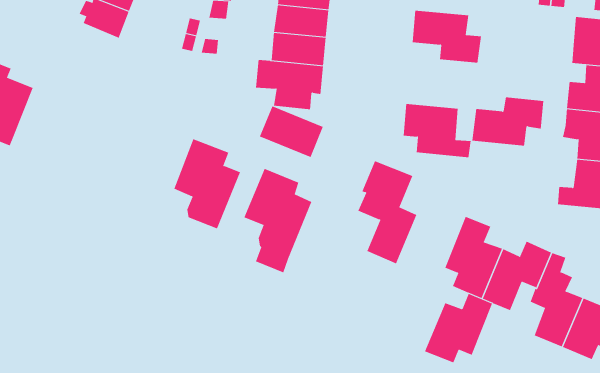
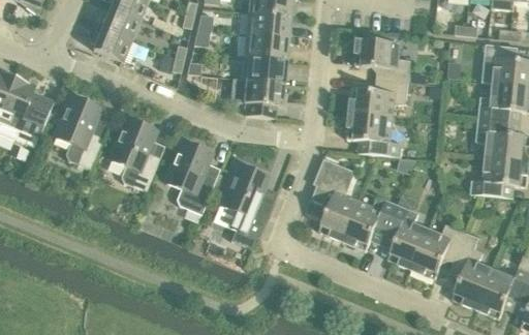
building: none -> [54,95,107,166]
building: [472,97,544,146] -> [349,77,407,116]
building: [259,106,324,158] -> none
building: none -> [108,117,163,190]
building: [424,293,493,363] -> [342,193,397,249]

